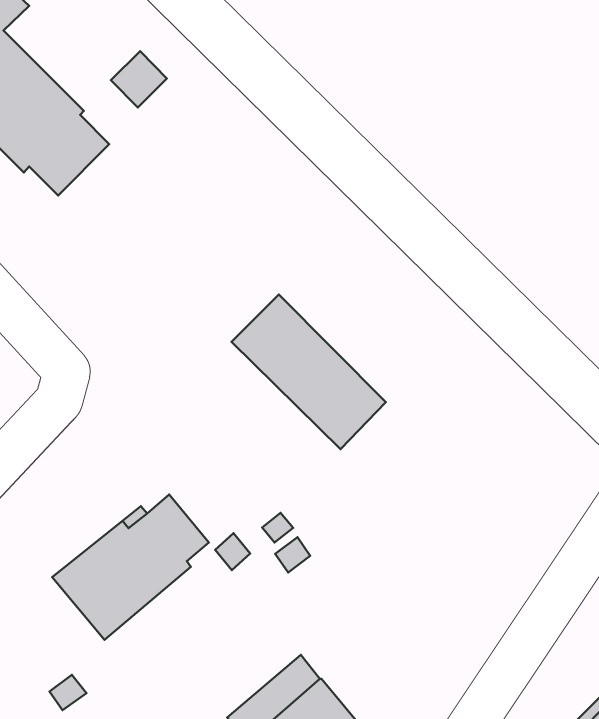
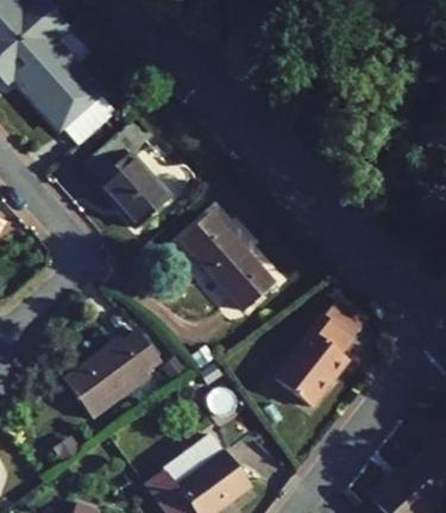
building: none -> [87,123,170,226]
building: none -> [275,314,352,405]

